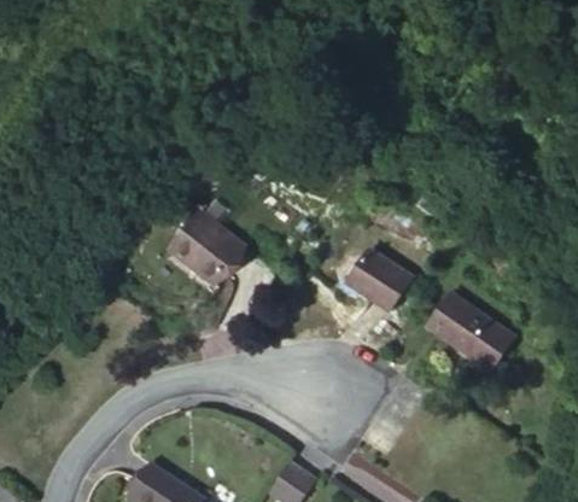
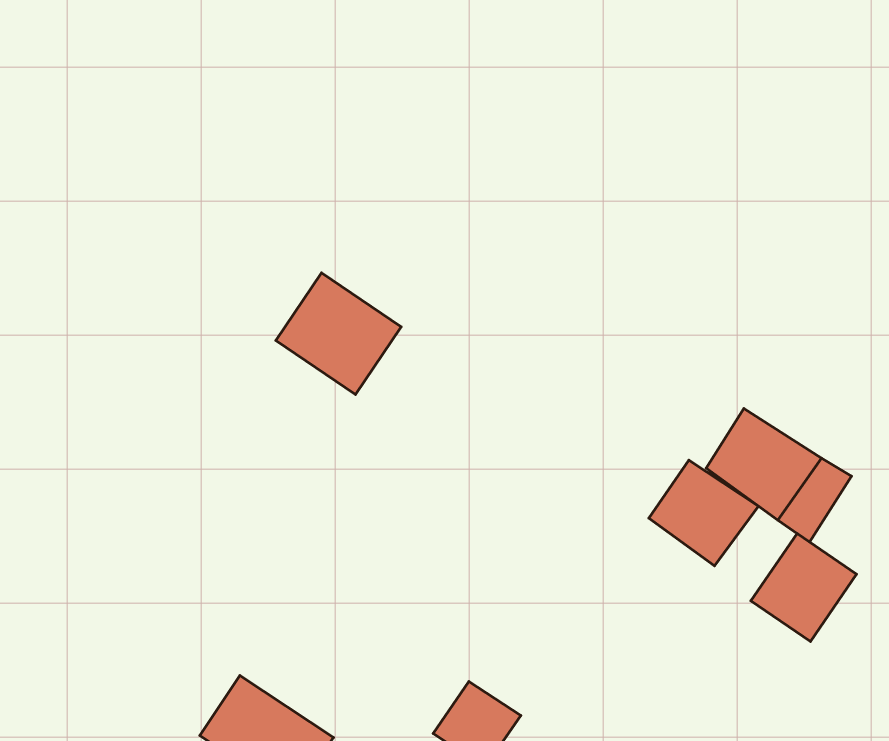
building: [349,252,415,316] -> [649,460,758,566]
building: none -> [751,533,857,642]

